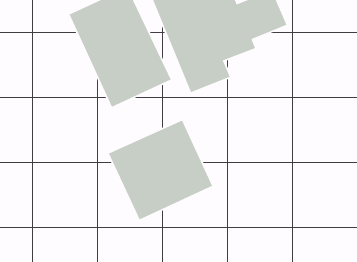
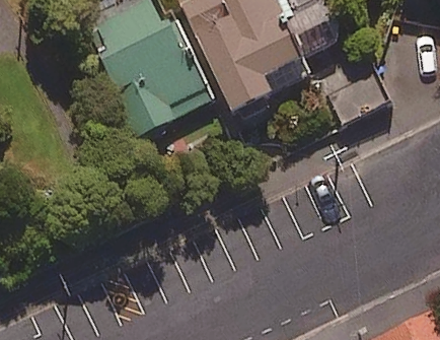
building: [108,119,213,221] -> none

